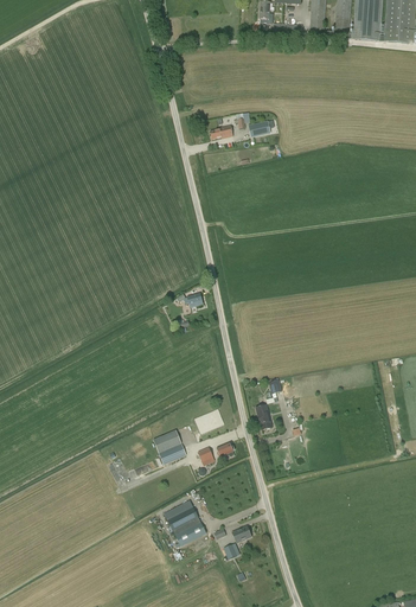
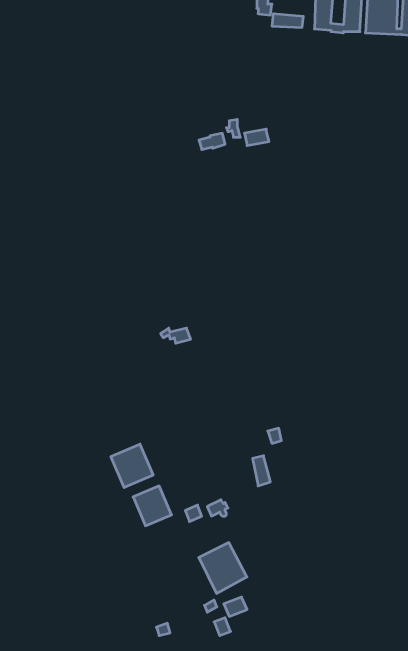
building: none -> [111,444,153,488]
building: [165,501,206,545] -> [199,543,247,593]

